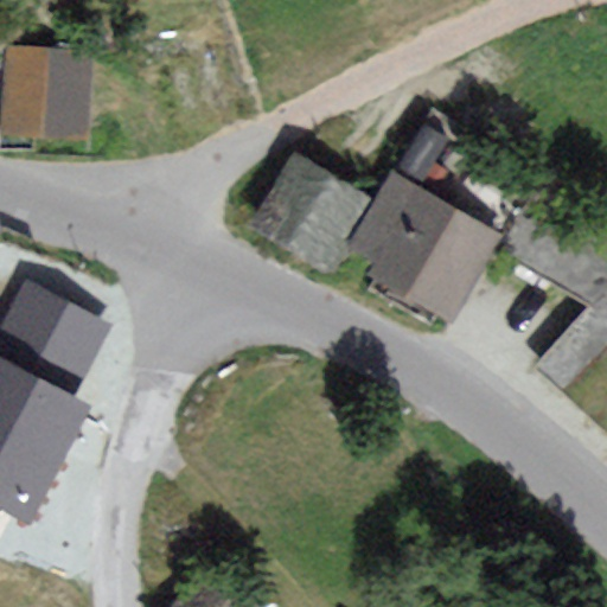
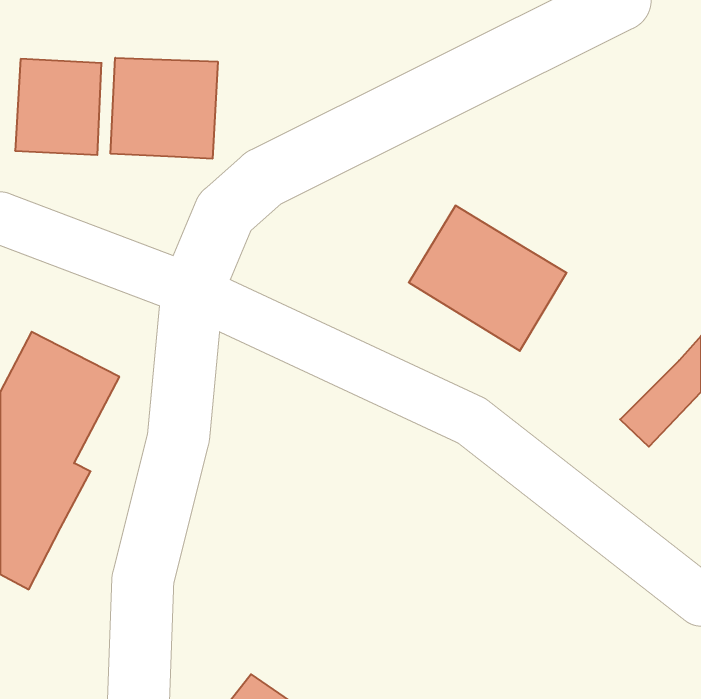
building: none -> [111,58,218,159]
building: [262,161,365,261] -> none

